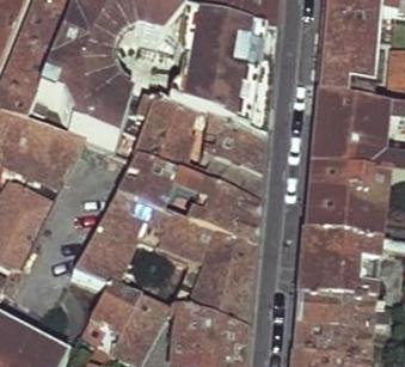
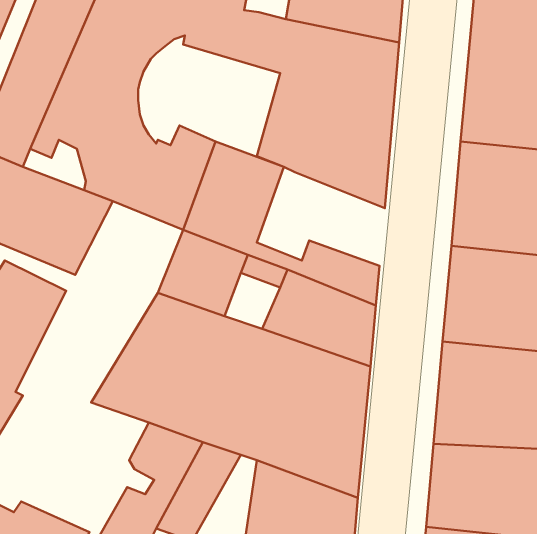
building: [202,117,264,179] -> none

